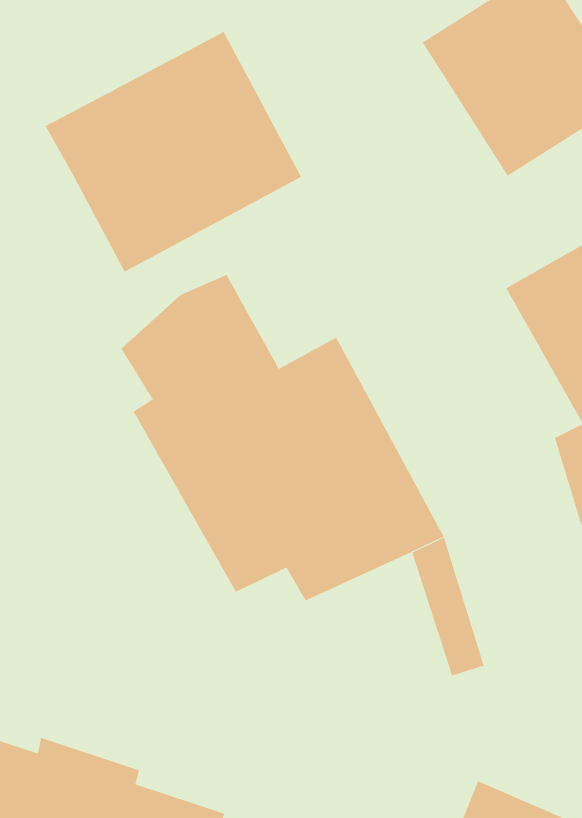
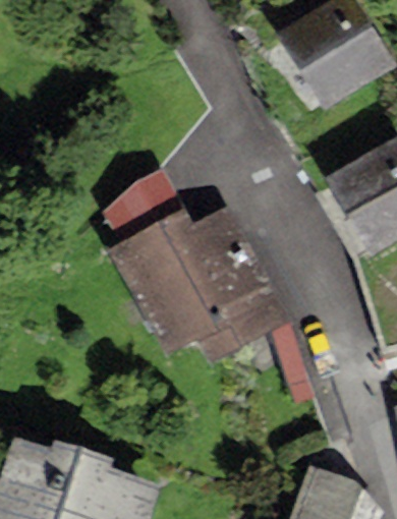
building: [45,31,302,273] -> none

